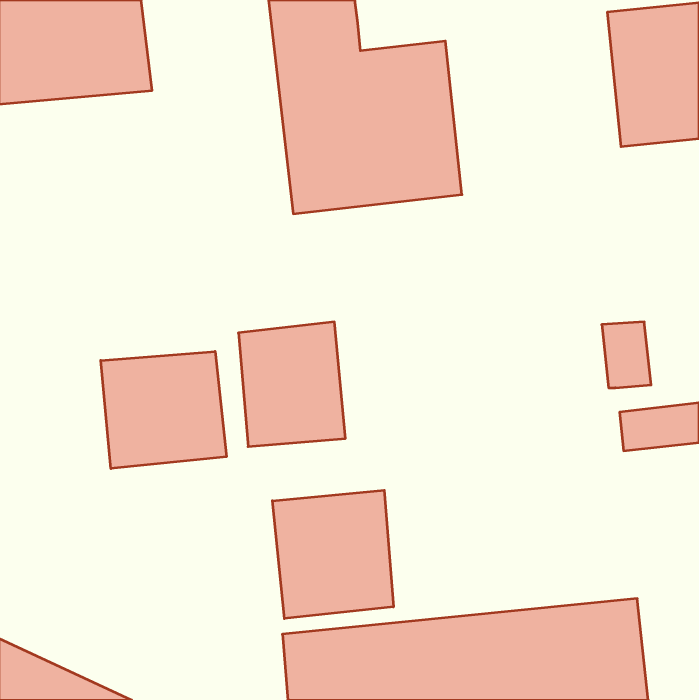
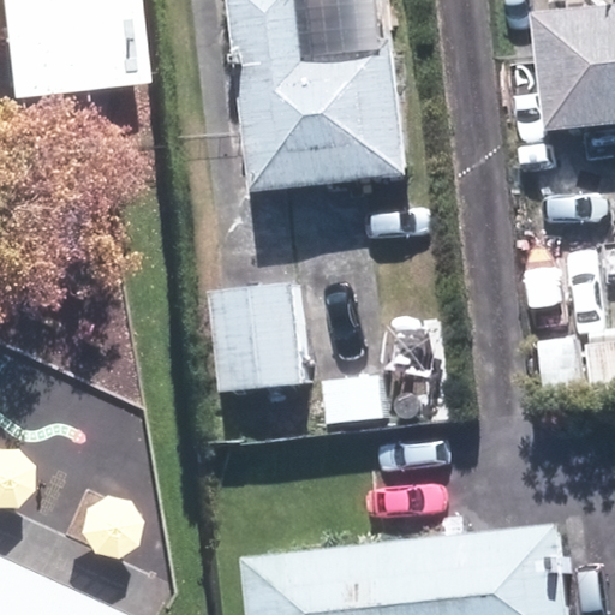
building: [101,351,226,469] -> none
building: [272,490,393,619] -> none

